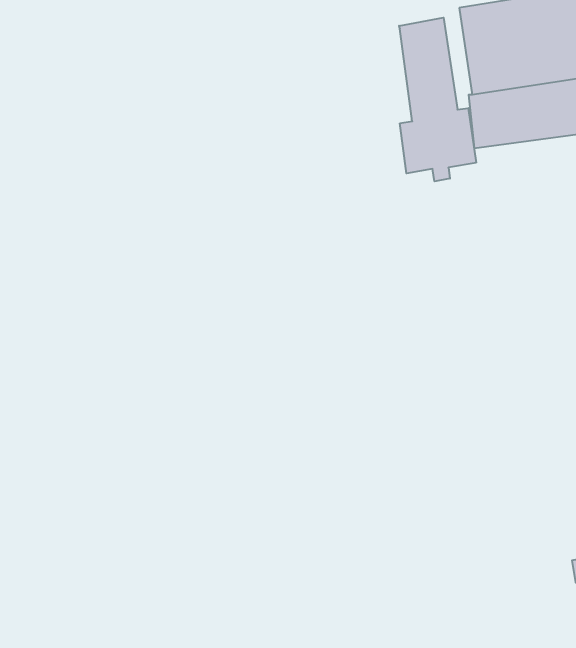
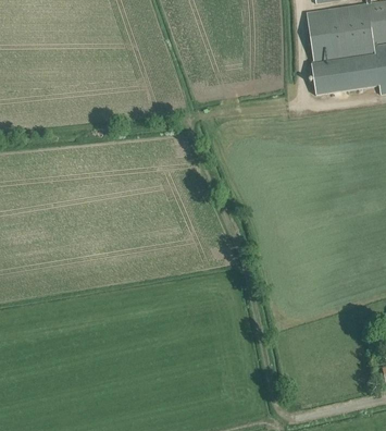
building: [399,18,476,181] -> none

